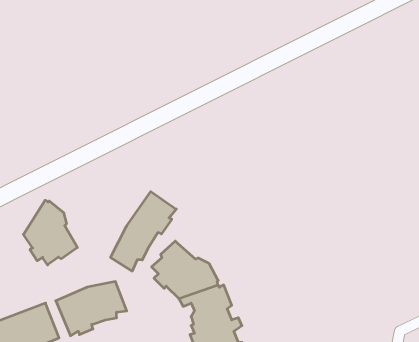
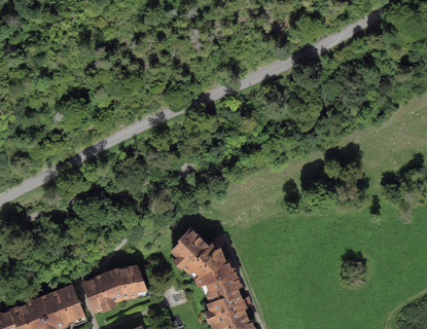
building: [111,192,176,271] -> none
building: [23,200,77,265] -> none

